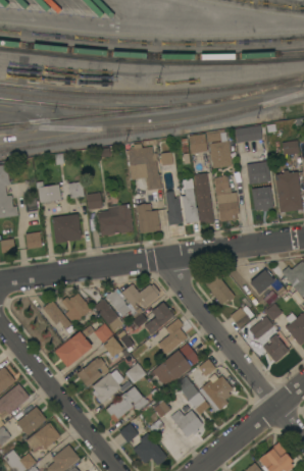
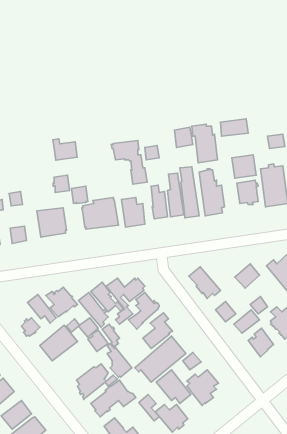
building: [37,181,61,203] -> [53,139,77,160]
building: [77,358,110,387] -> none

